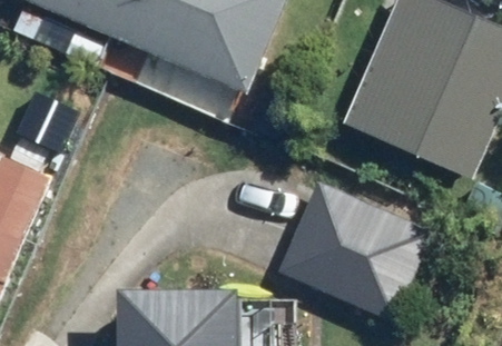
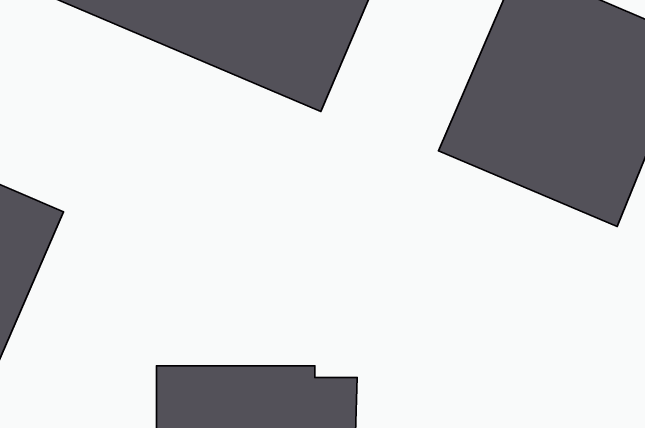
building: [282,176,439,325] -> none

